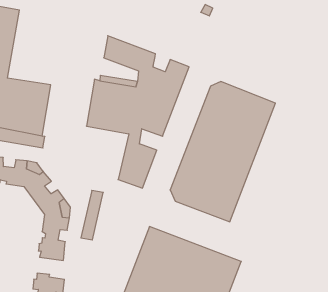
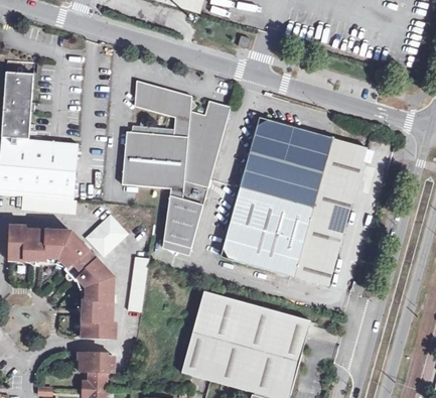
building: none -> [293,137,367,286]
building: none -> [85,214,127,256]

